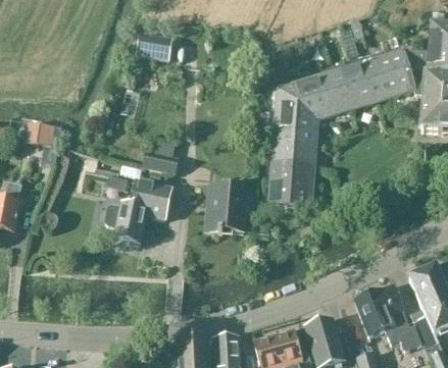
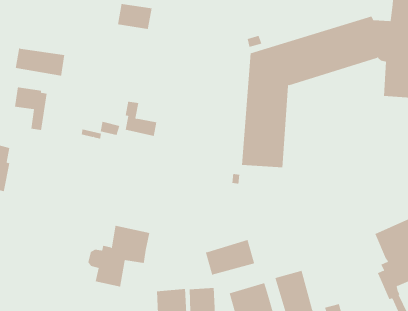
building: none -> [15,47,65,76]
building: [104,179,171,246] -> [87,225,150,287]
building: [206,186,254,235] -> none
building: [353,283,426,351] -> none
building: none -> [205,239,255,276]

